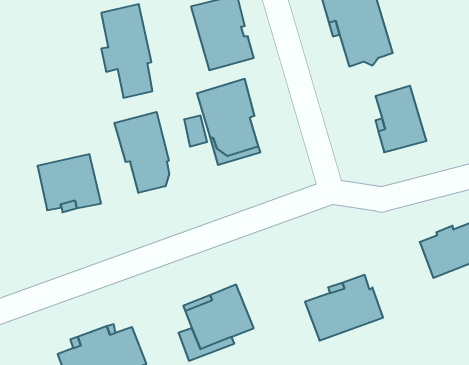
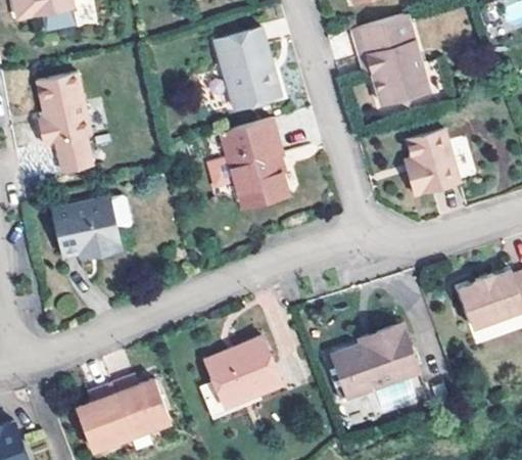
building: [101,4,152,98] -> [37,73,91,172]
building: [114,112,169,193] -> none

